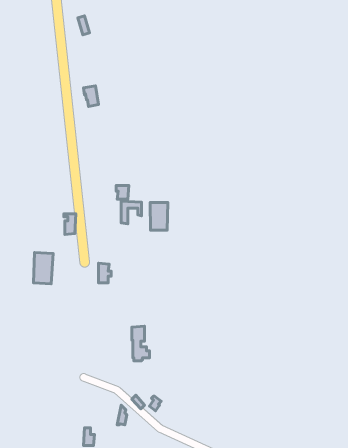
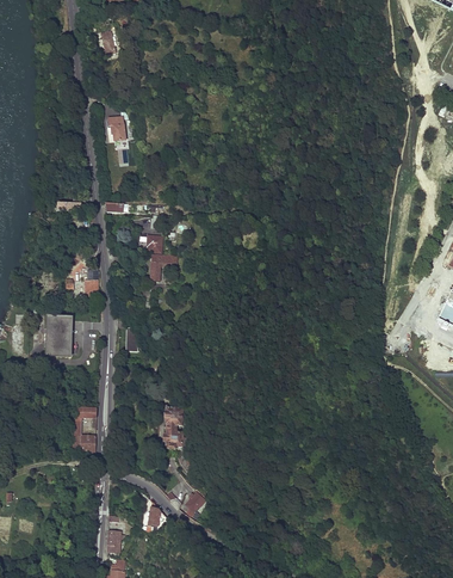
building: [150,202,168,230] -> none
building: none -> [73,406,97,449]

